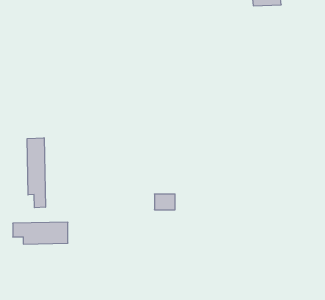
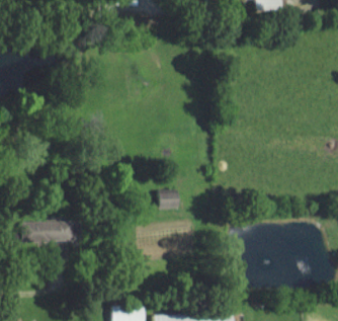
building: [27,138,45,208] -> none

